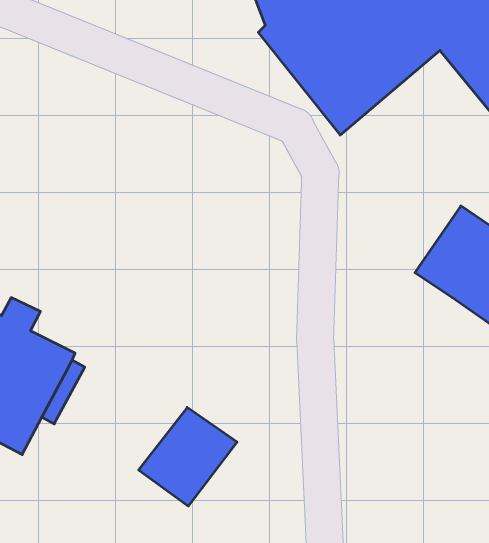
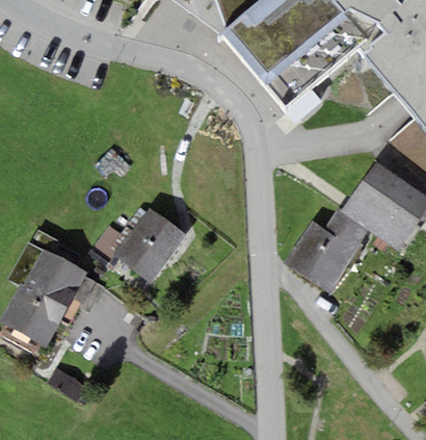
building: none -> [285,208,369,291]
building: [139,407,237,506] -> [112,207,186,281]

